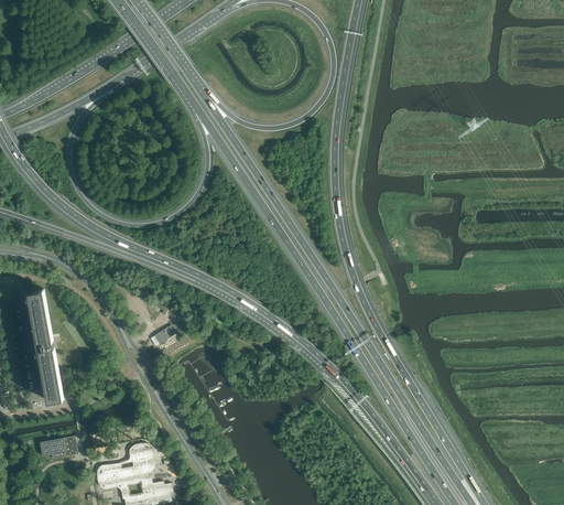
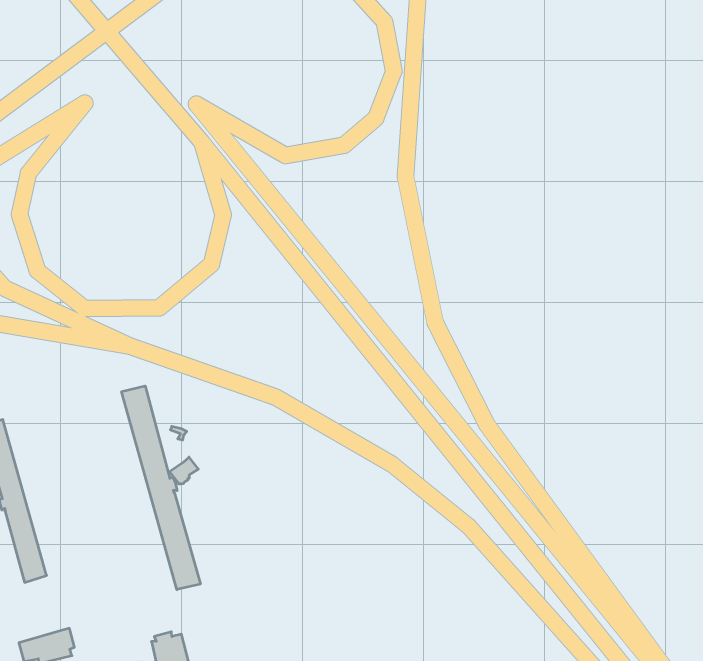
building: none -> [122,386,200,590]

